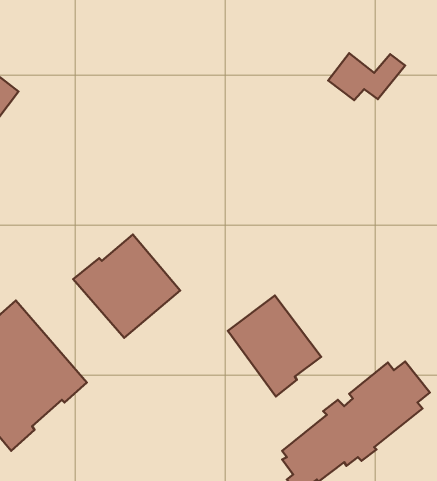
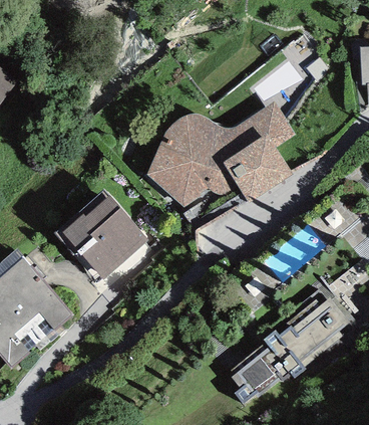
building: none -> [146,100,294,206]
building: [228,295,321,397] -> none

